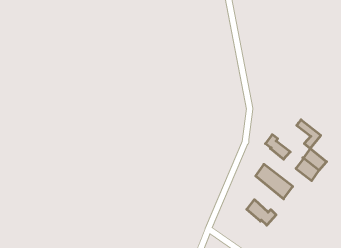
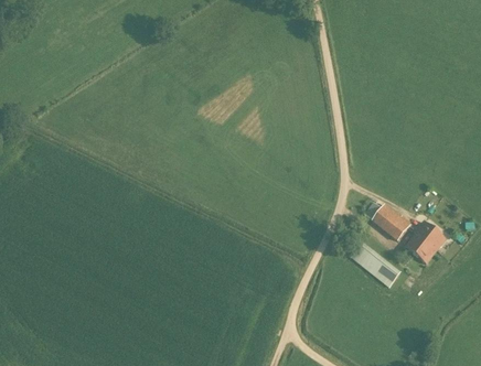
building: [297,120,321,149] -> [380,203,411,241]
building: [247,200,276,225] -> none

